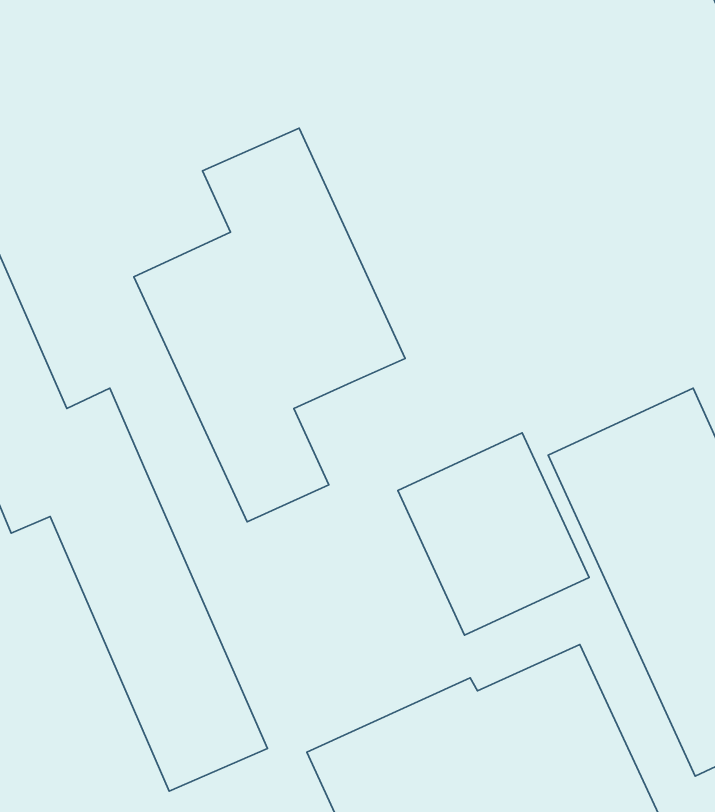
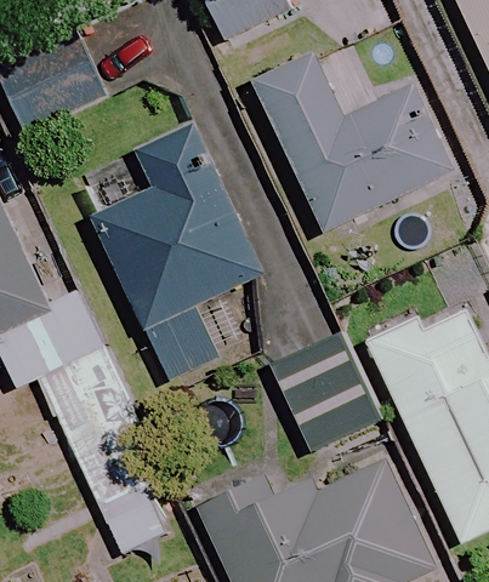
building: none -> [252,52,449,233]

